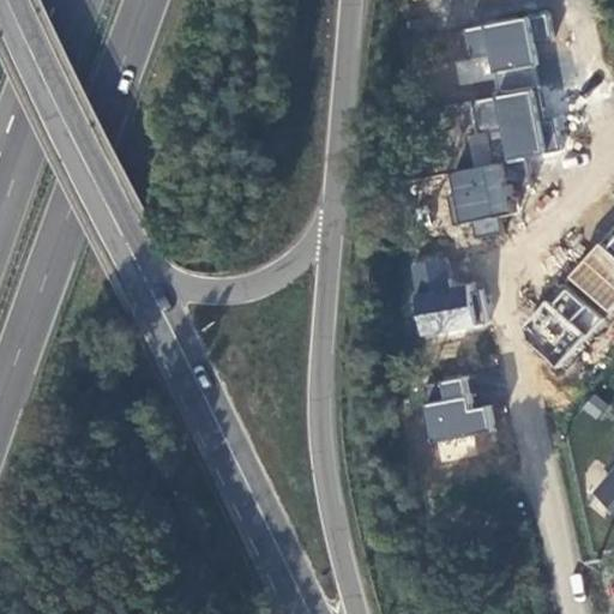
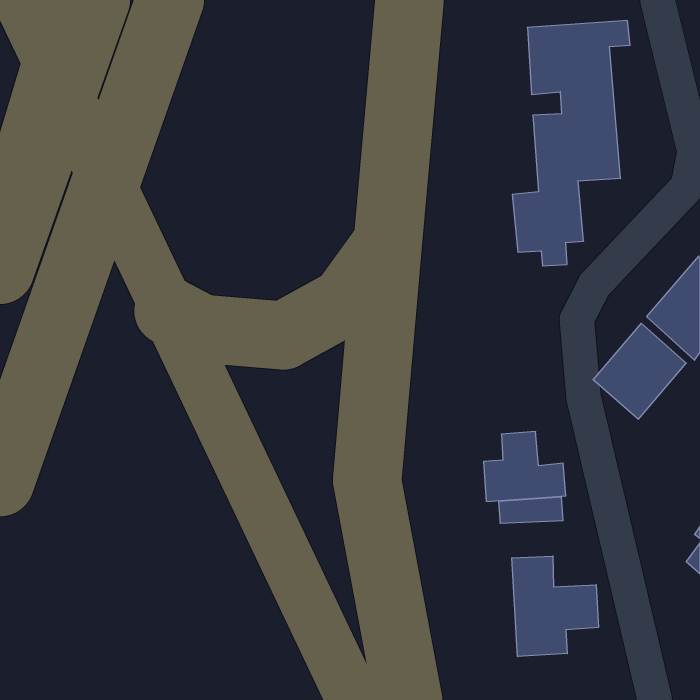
building: [403,255,487,341] -> none
building: none -> [512,556,598,657]

